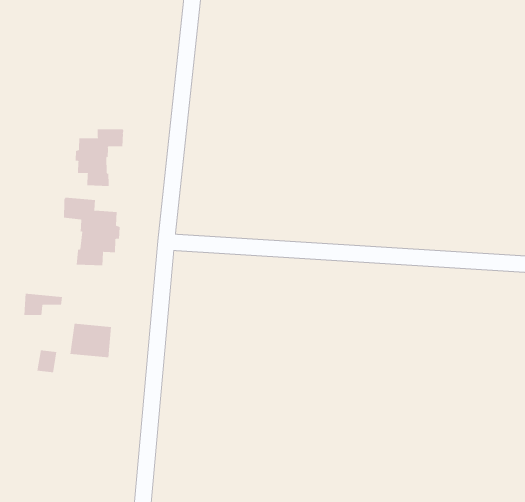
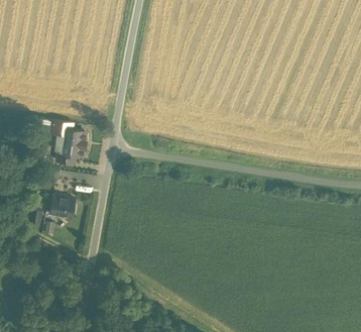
building: [75,129,124,187] -> none

